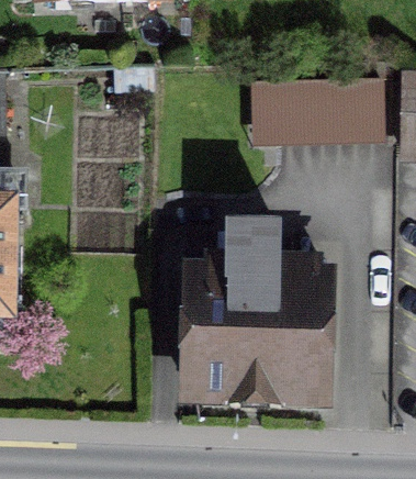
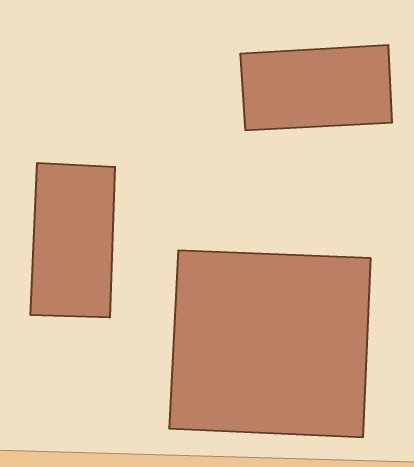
building: none -> [31,163,115,318]

